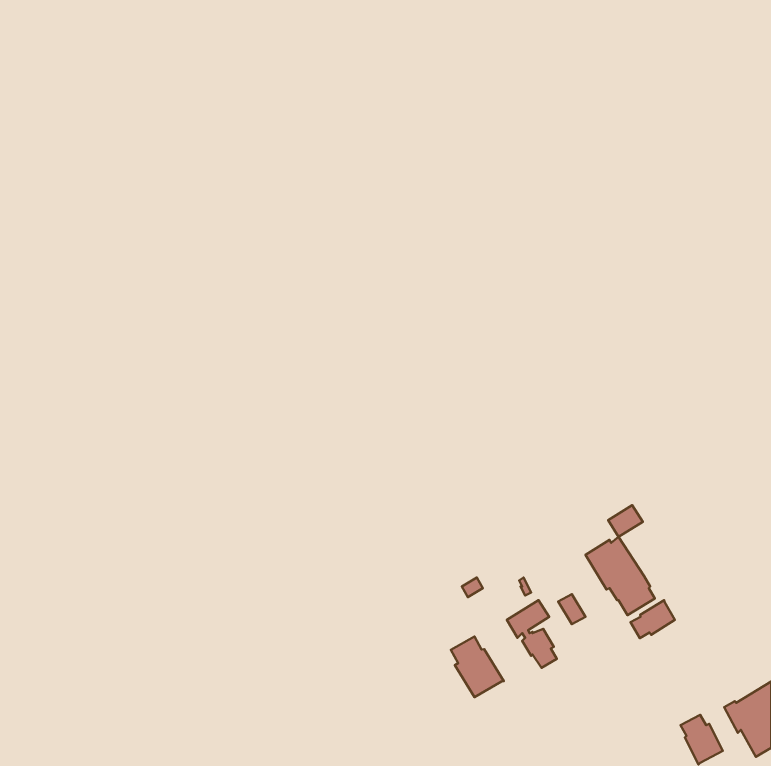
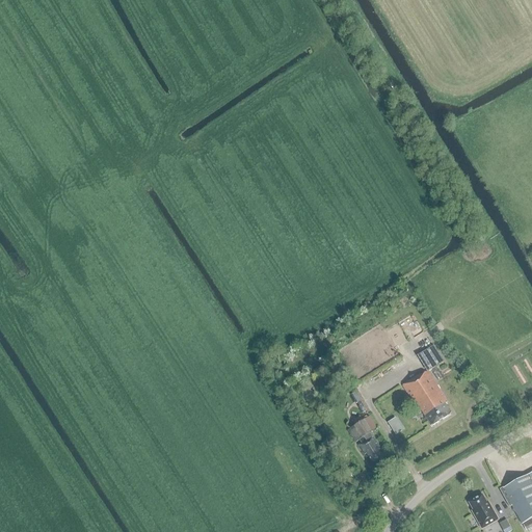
building: [631,600,675,638] -> none
building: [451,636,504,697] -> none

